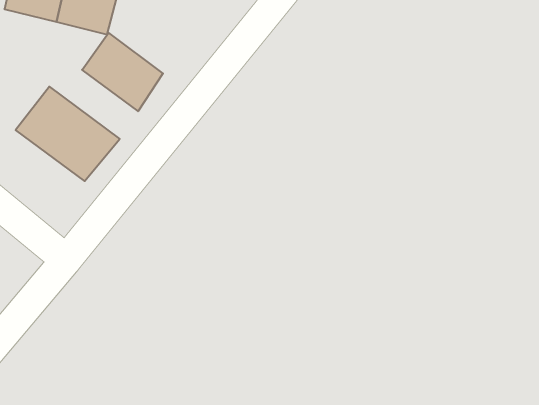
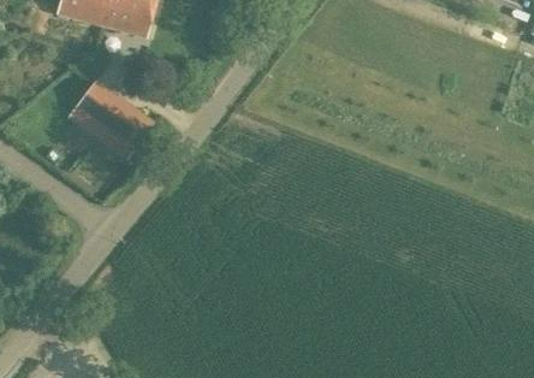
building: [82,33,163,111] -> none

